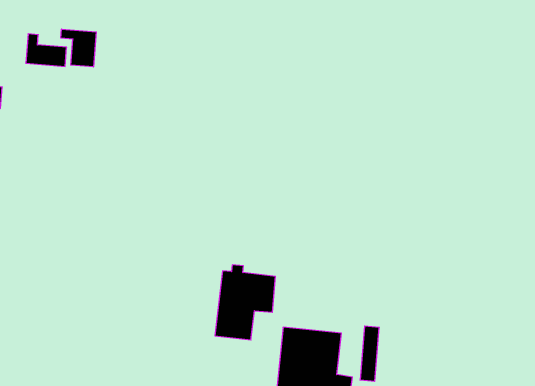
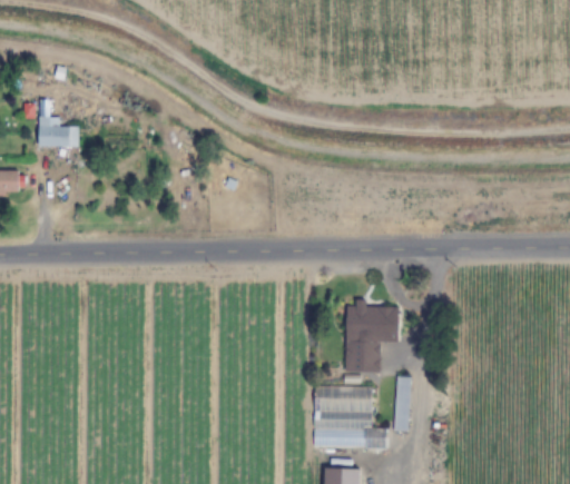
building: [61,29,96,67] -> none
building: [215,265,275,340] -> [344,299,399,372]

